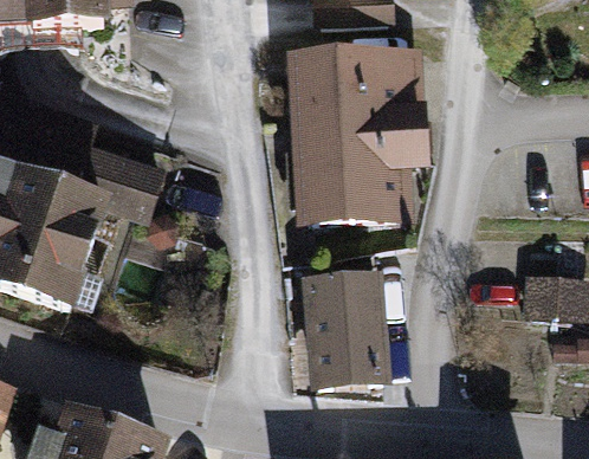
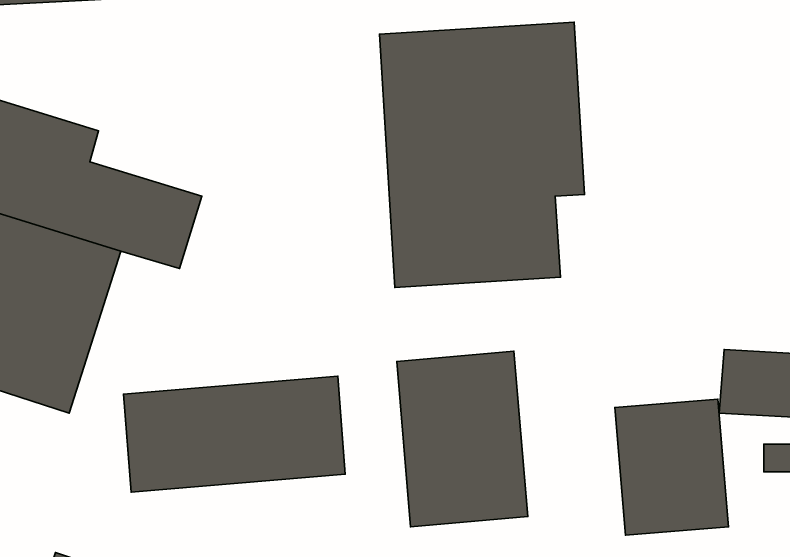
building: none -> [124,376,345,492]
building: none -> [615,399,729,535]

